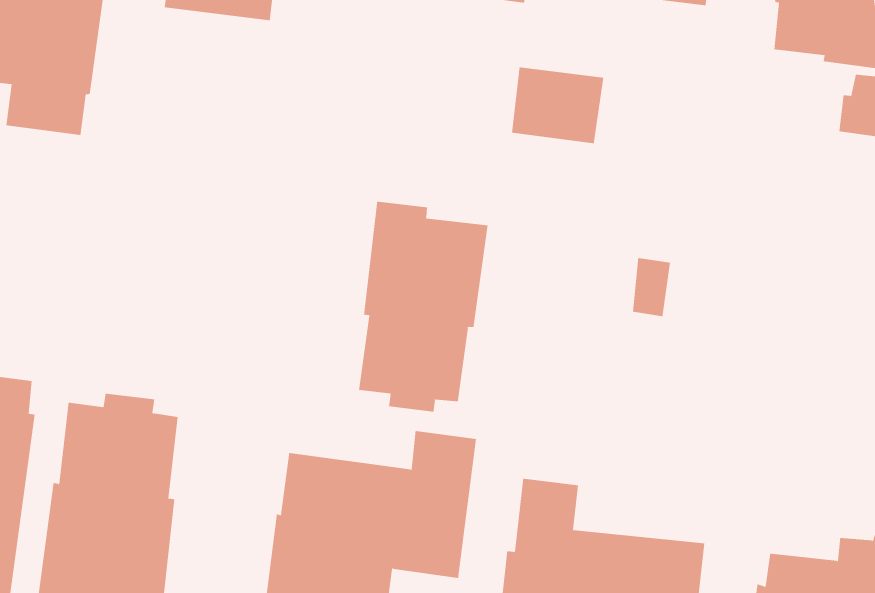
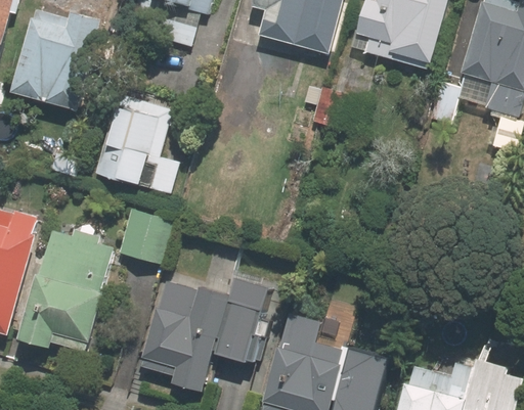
building: none -> [94,94,177,194]
building: [359,201,488,413] -> none
building: none -> [117,212,172,266]

